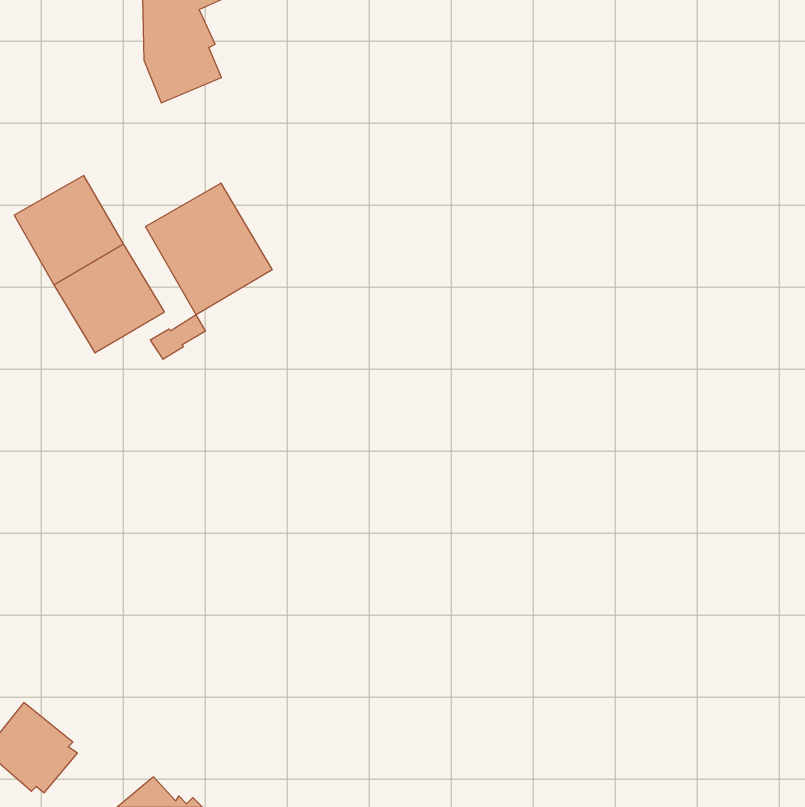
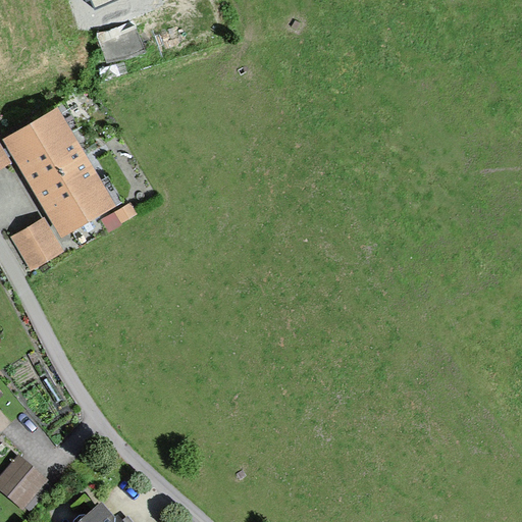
building: [146,183,272,315] -> none
building: none -> [13,221,56,264]

